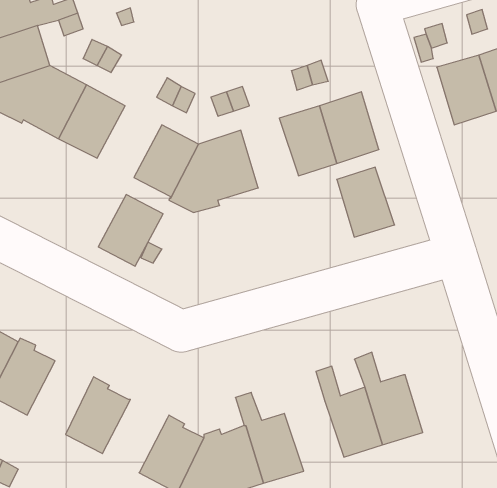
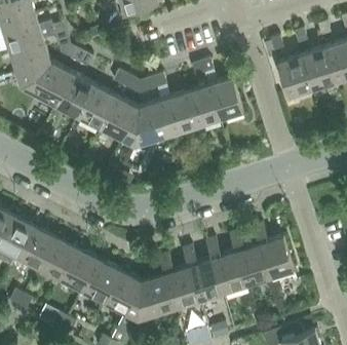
building: [337,167,395,237] -> [162,93,196,135]
building: [98,195,163,266] -> [78,86,116,128]
building: none -> [253,224,294,278]
building: none -> [37,234,75,279]
building: none -> [183,246,223,301]
building: none -> [81,257,119,302]

